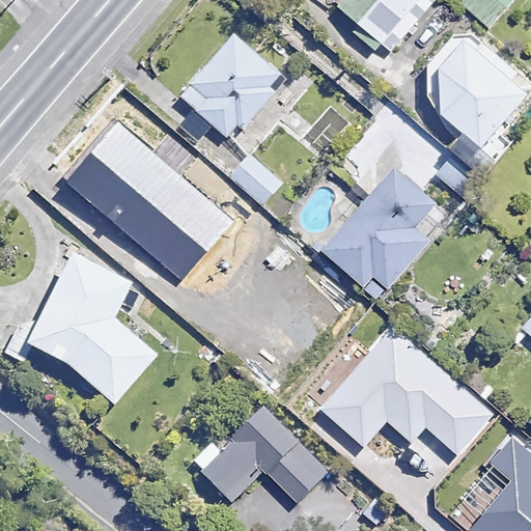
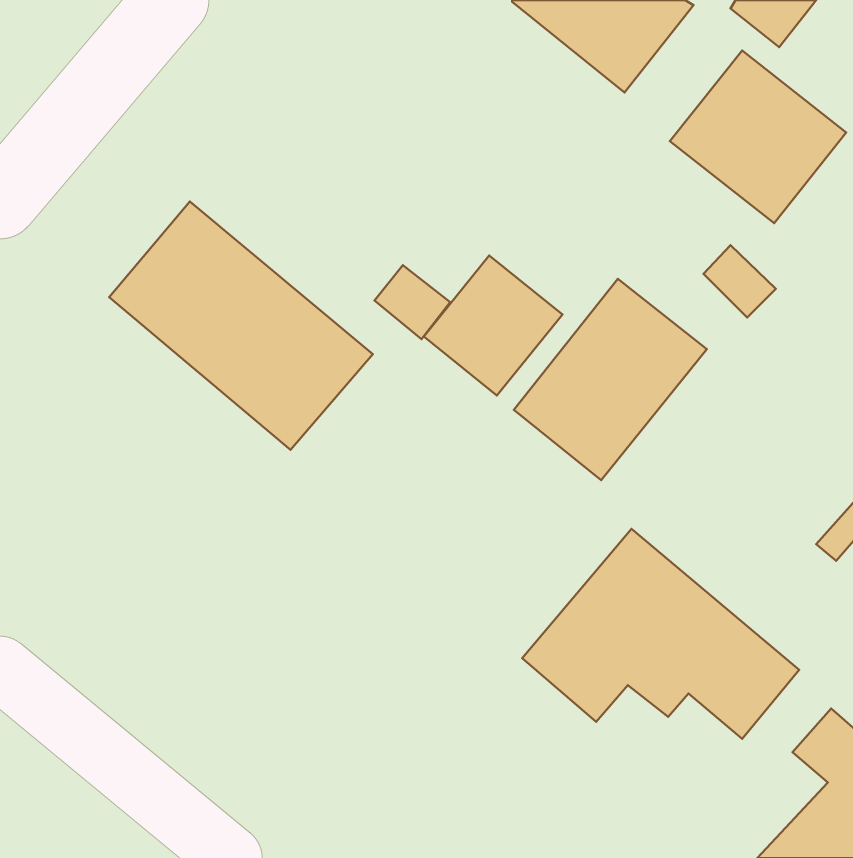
building: [173,35,274,138] -> none
building: none -> [424,256,562,395]
building: [21,256,155,407] -> none
building: [194,407,330,502] -> none

